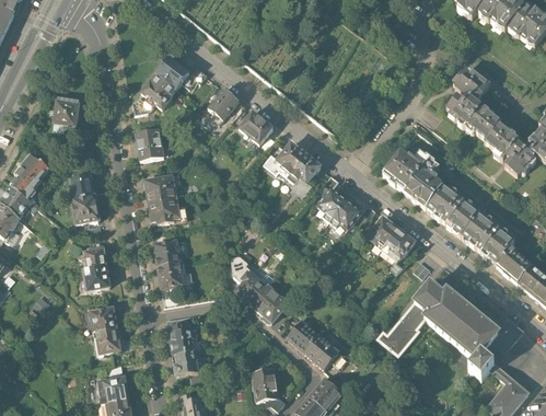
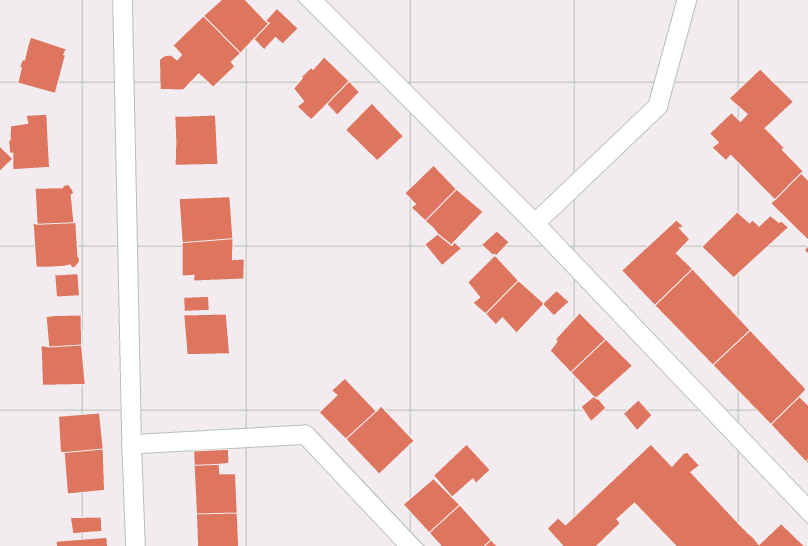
building: none -> [9,114,49,170]
building: [380,152,427,189] -> [702,212,788,278]
building: [162,261,189,287] -> none
building: none -> [433,444,490,497]

